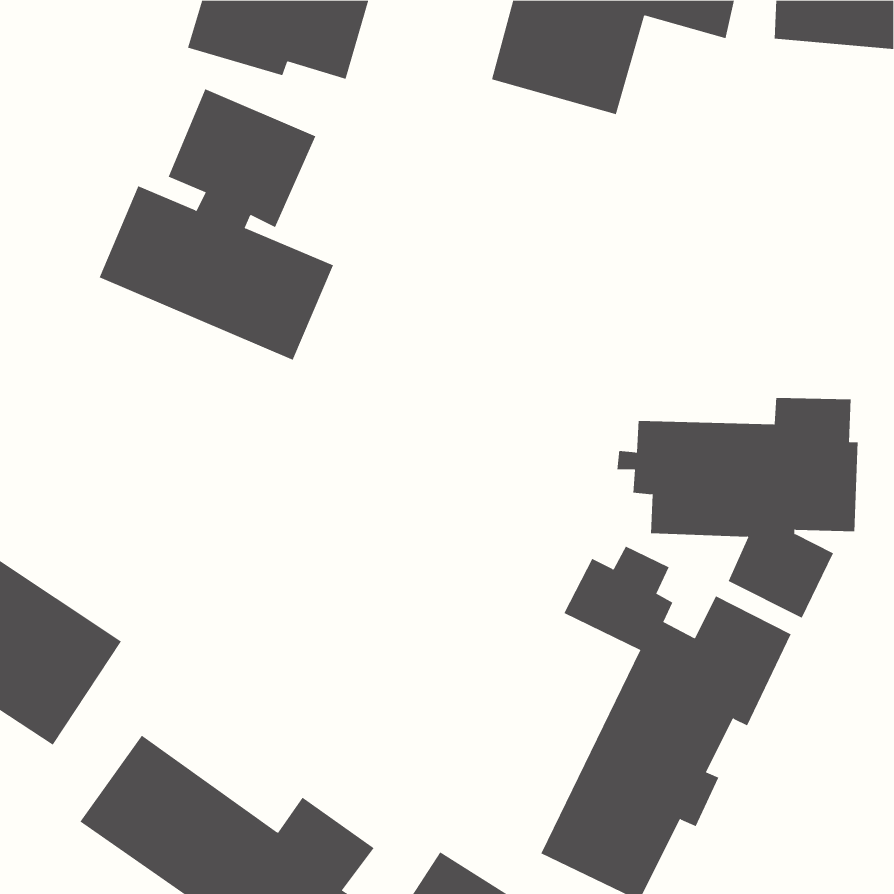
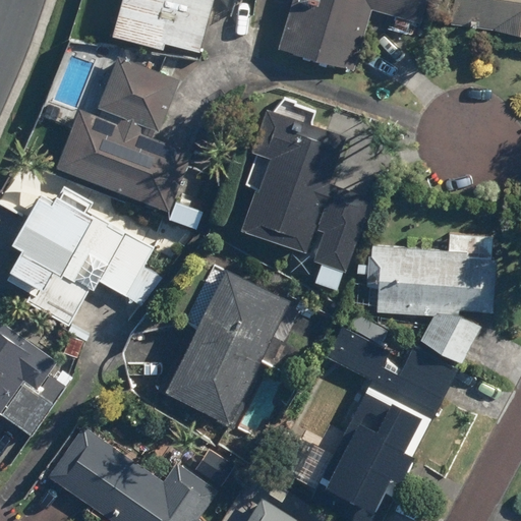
building: none -> [243,109,366,290]
building: none -> [7,192,157,327]
building: none -> [157,265,288,427]

